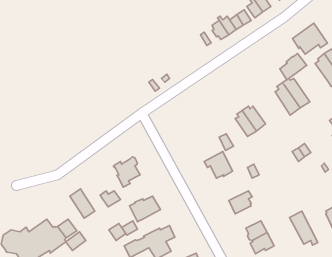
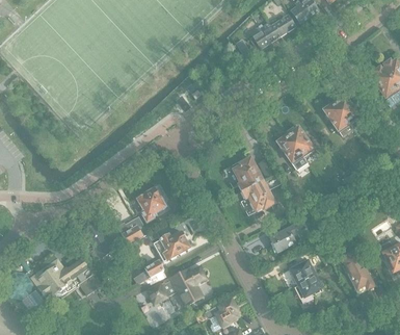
building: [293,23,328,54] -> none
building: [280,54,307,80] -> none
building: none -> [234,158,263,191]

